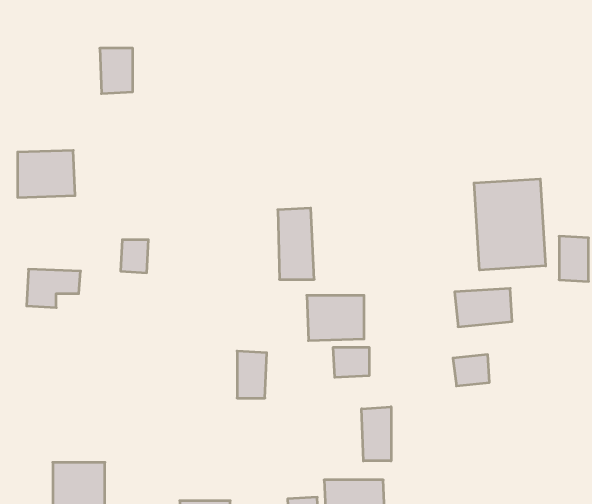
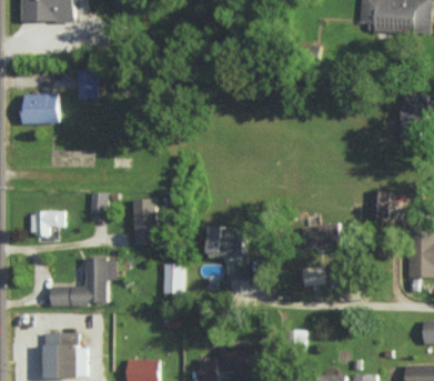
building: [18,150,75,197] -> [21,93,58,123]
building: [474,179,546,270] -> none
building: [278,208,314,279] -> [133,198,157,243]
building: none -> [50,258,115,305]
building: [362,407,391,461] -> none

